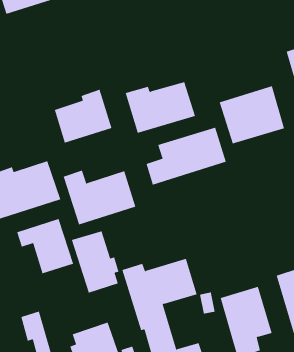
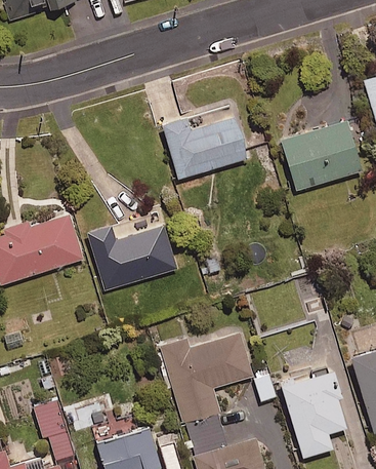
building: [54,89,112,144] -> none
building: [146,127,226,186] -> none
building: [17,218,74,274] -> none
building: [71,230,119,294] -> none

